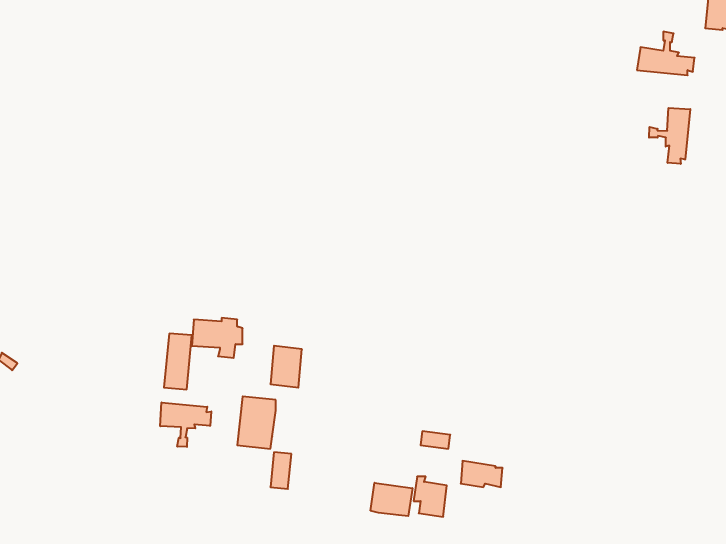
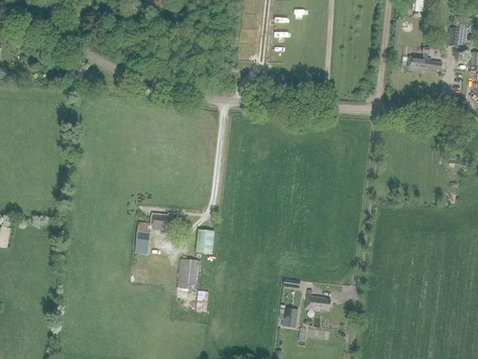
building: [649,108,690,164] -> none
building: [160,402,211,447] -> none
building: [371,483,412,516] -> none

